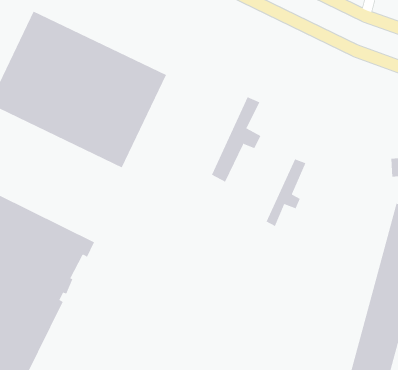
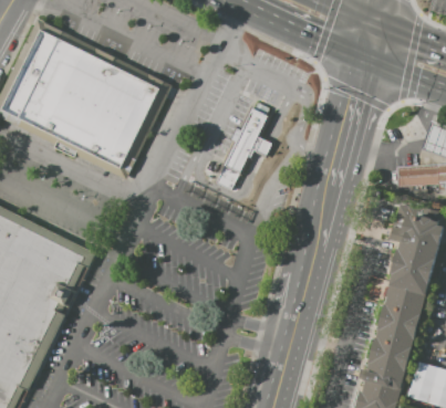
building: [266,158,306,227] -> none

